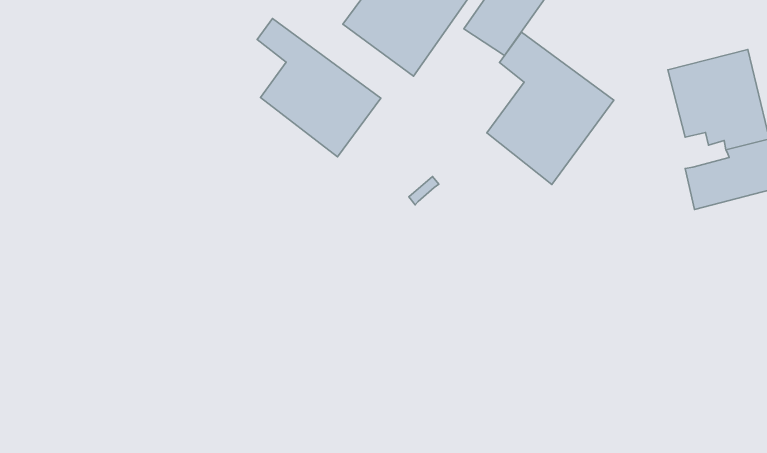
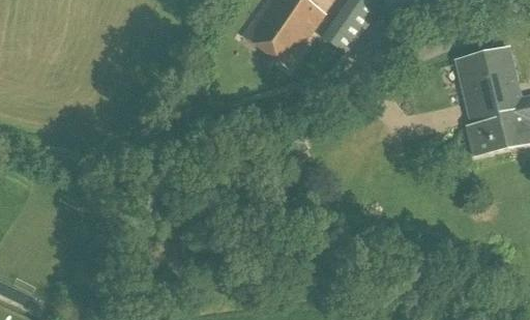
building: [257,18,381,157] -> none
building: [487,32,614,184] -> none

